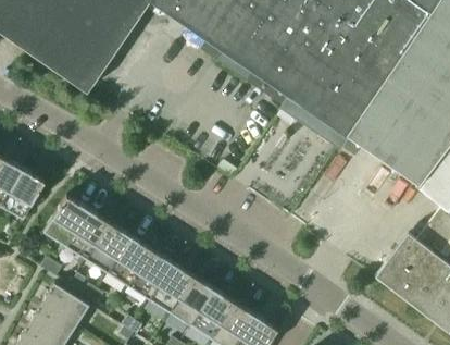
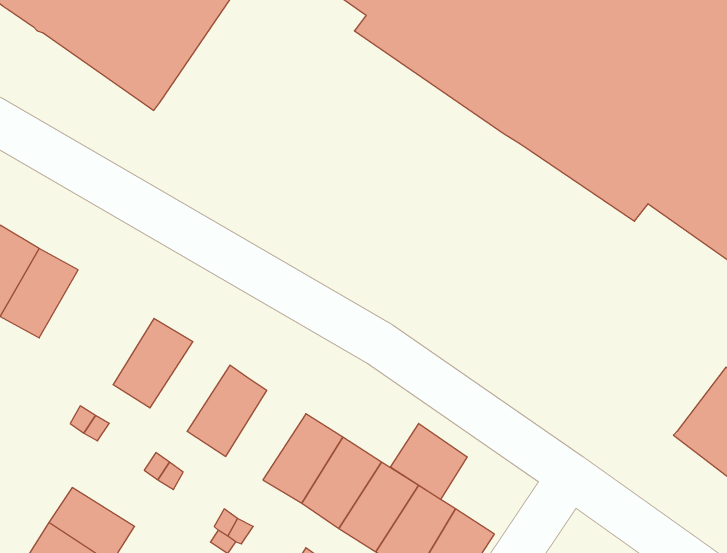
building: [42,194,87,245] -> none
building: [85,221,129,271] -> none
building: [127,248,172,298] -> none
building: none -> [390,423,467,500]
building: [41,282,89,324] -> none

